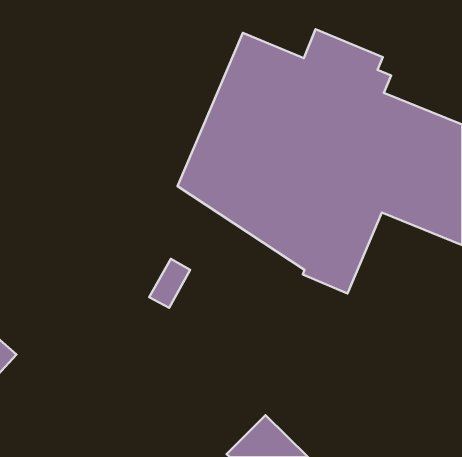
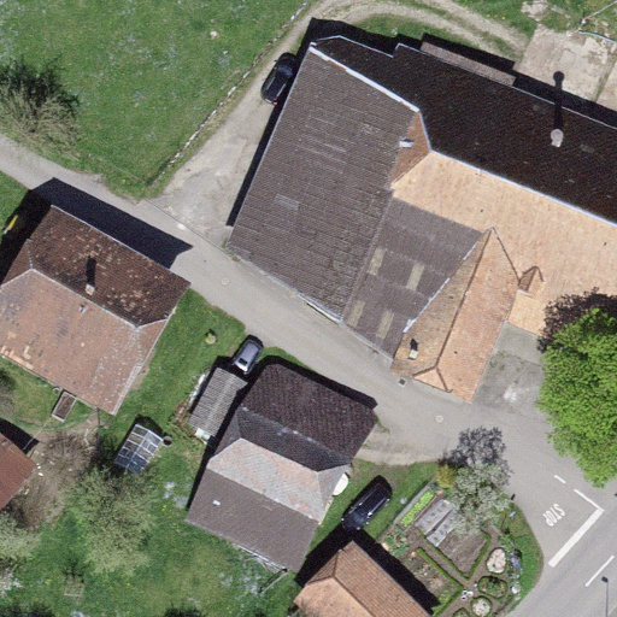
building: none -> [5,240,154,387]
building: none -> [190,366,363,559]

